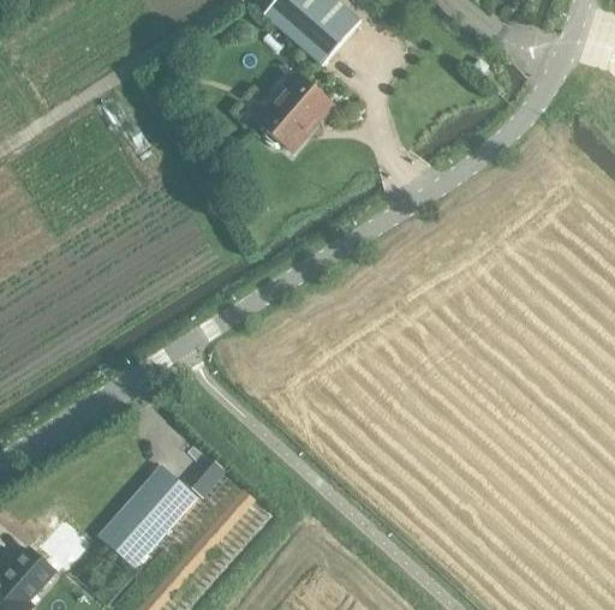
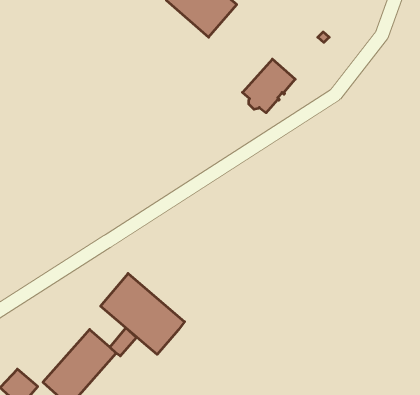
building: [259,74,332,148] -> [242,59,295,113]
building: none -> [101,273,185,354]

